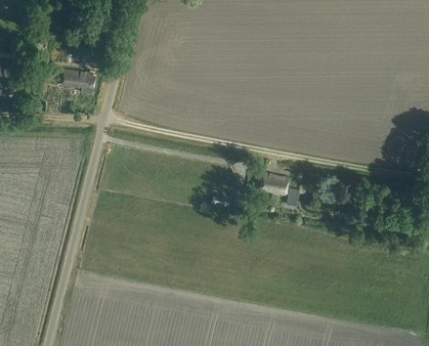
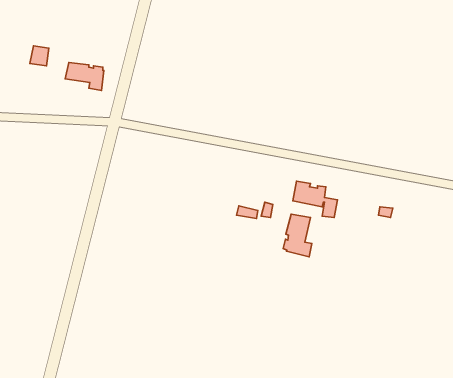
building: none -> [283,214,312,257]

